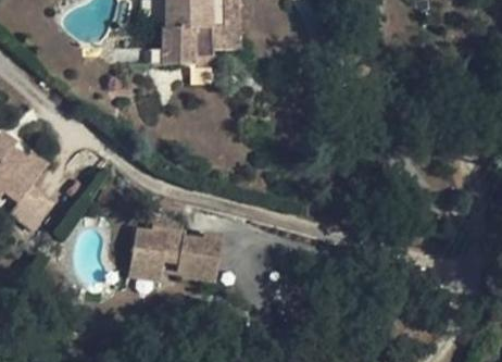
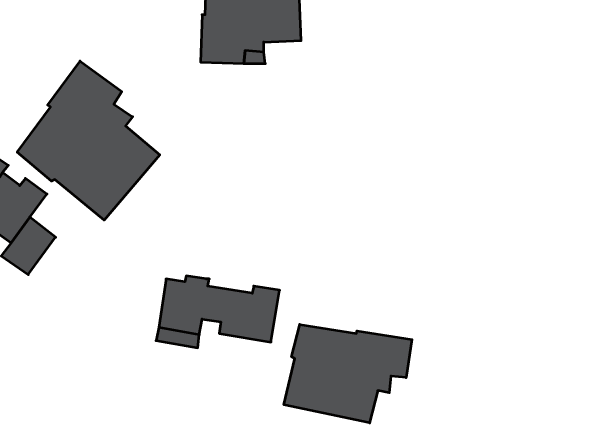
building: none -> [17,61,160,220]
building: none -> [284,324,412,423]

